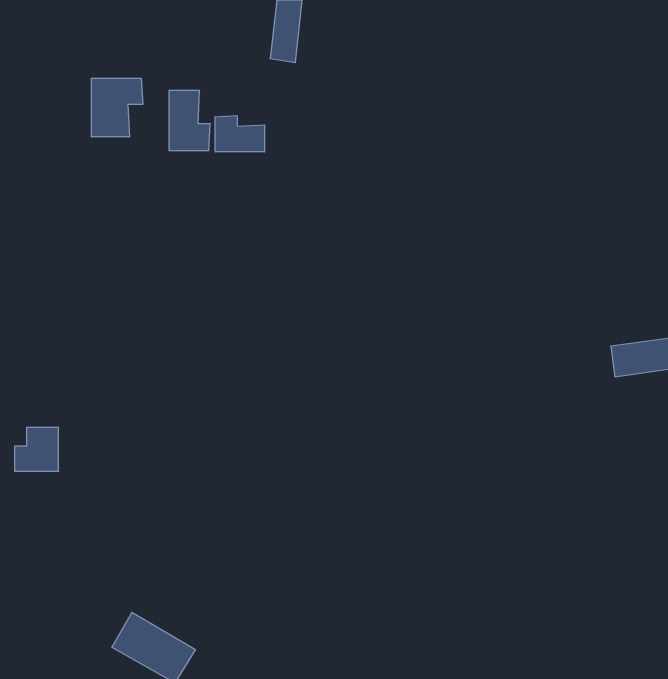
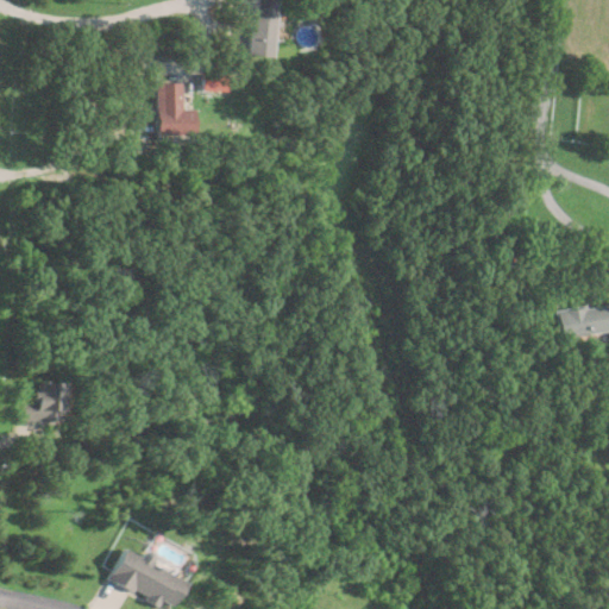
building: [91,78,143,137] -> none
building: [215,116,265,152] -> none

